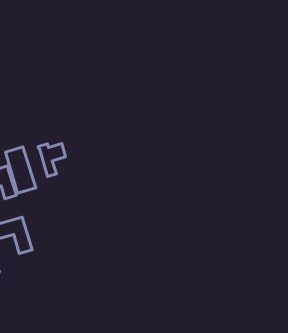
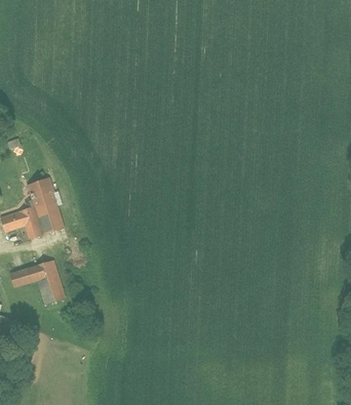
building: [38,143,66,177] -> none

